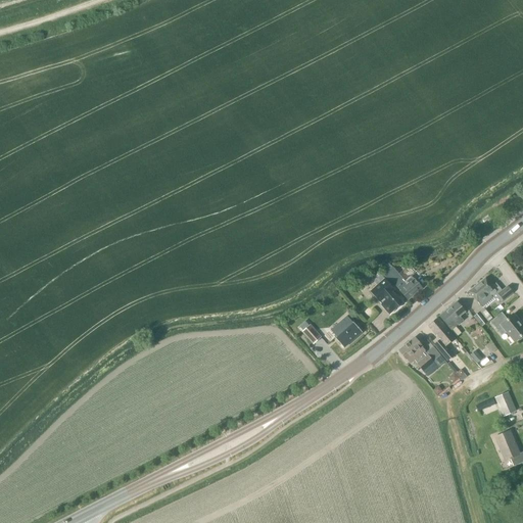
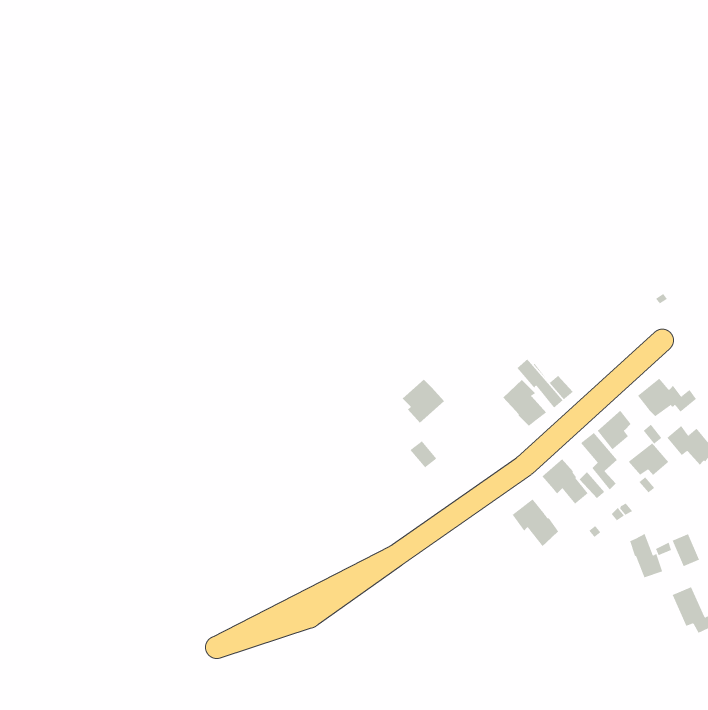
building: [331,316,363,348] -> [402,379,445,423]
building: none -> [628,443,669,476]
building: none -> [512,499,559,547]
building: none -> [629,533,663,578]

